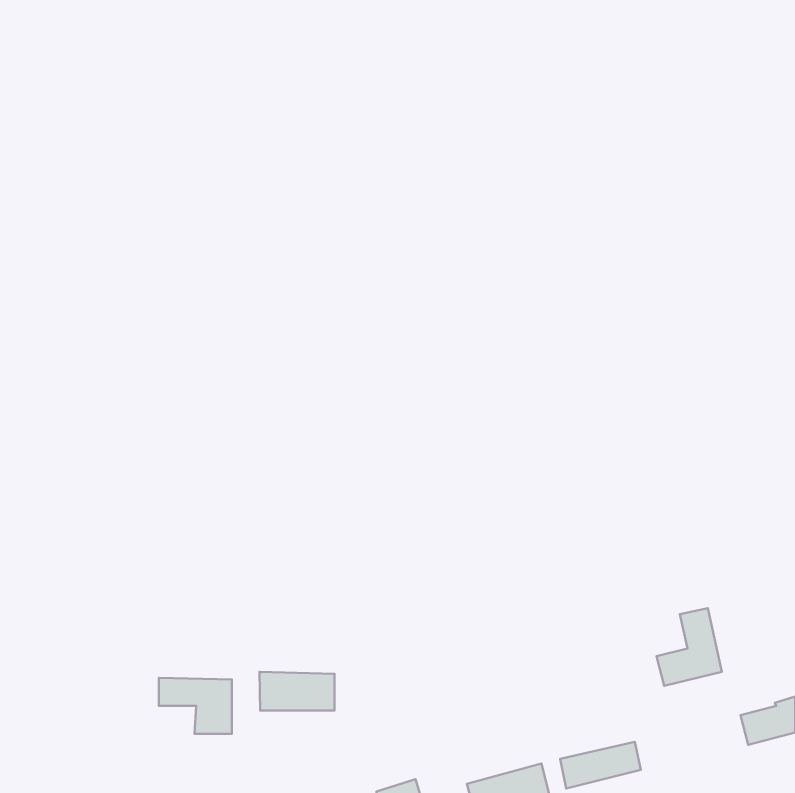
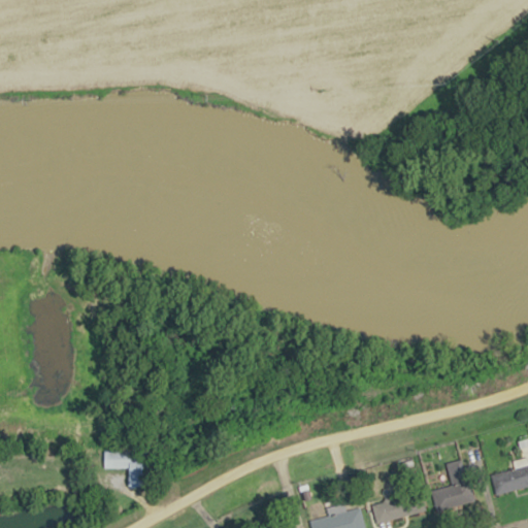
building: [656,608,722,686] -> [431,460,474,512]
building: [260,672,335,711] -> none

